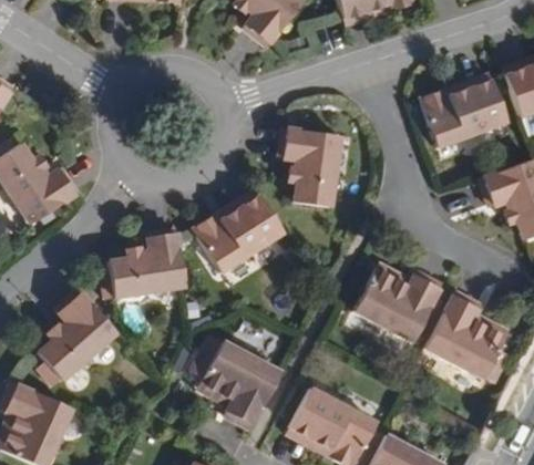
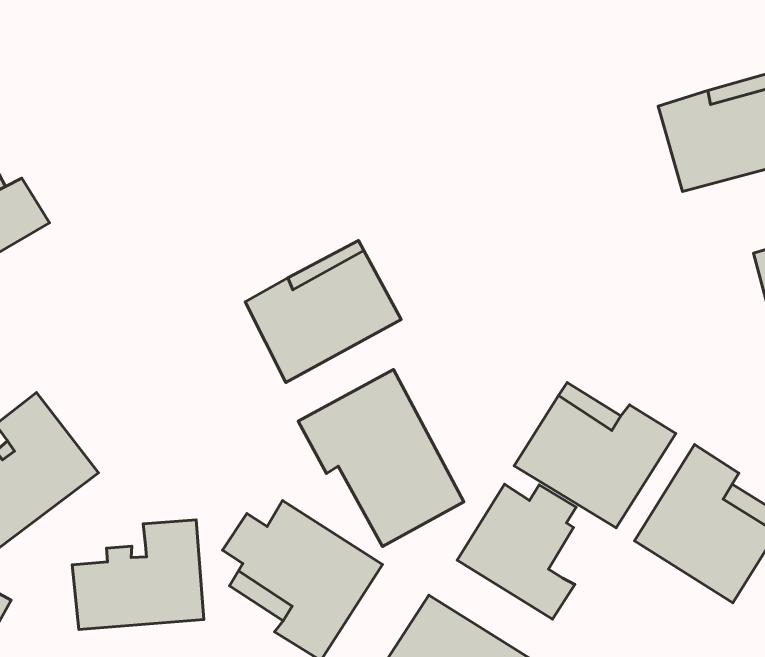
building: [280,126,340,207] -> none
building: [107,229,185,297] -> [72,520,204,629]
building: none -> [298,369,464,547]
building: none -> [457,484,576,619]

